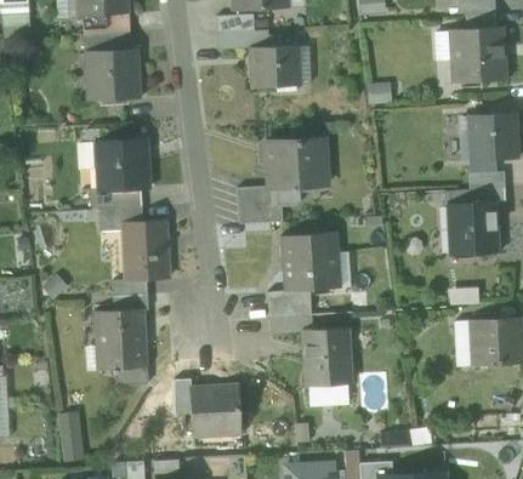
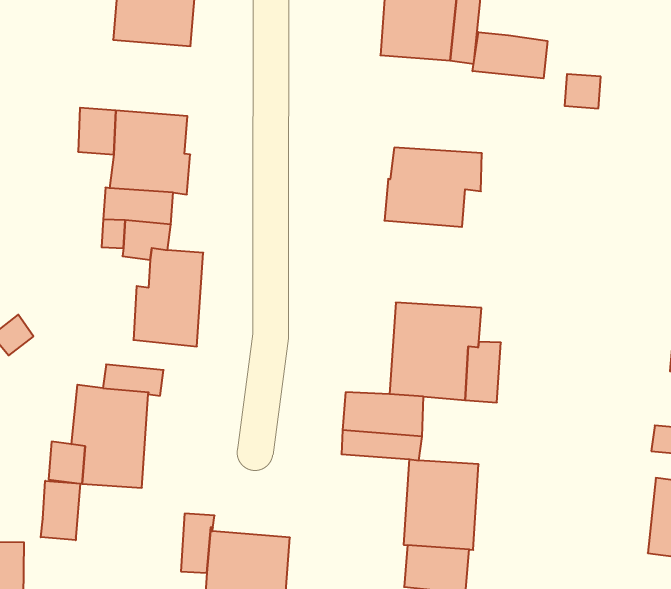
building: none -> [473,32,547,78]
building: [237,187,271,223] -> none
building: none -> [41,481,80,540]

